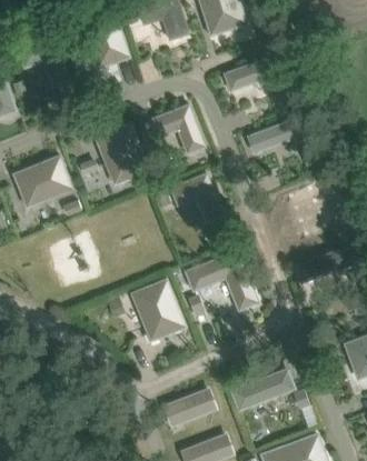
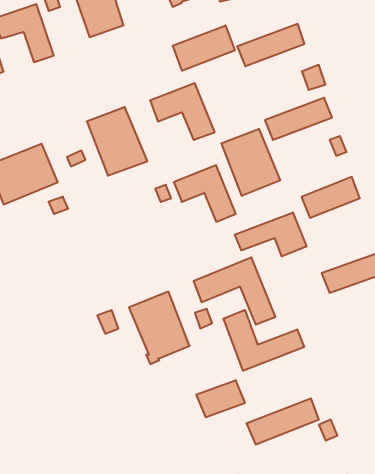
building: none -> [173,25,235,71]
building: none -> [221,129,280,196]
building: none -> [235,212,306,256]
building: none -> [223,310,304,371]
building: [172,391,214,422] -> [196,380,245,417]

